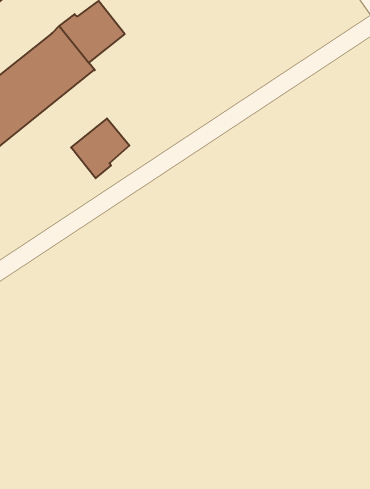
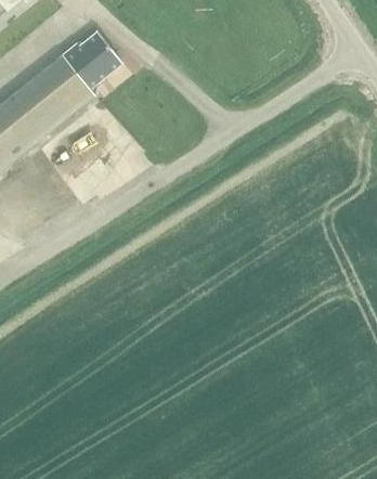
building: [71,118,129,178] -> none

